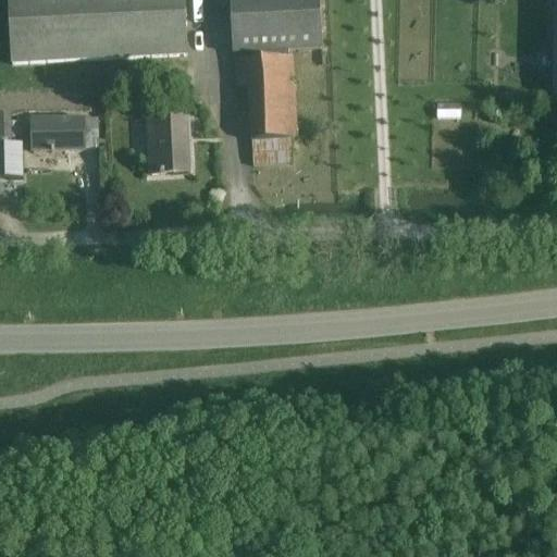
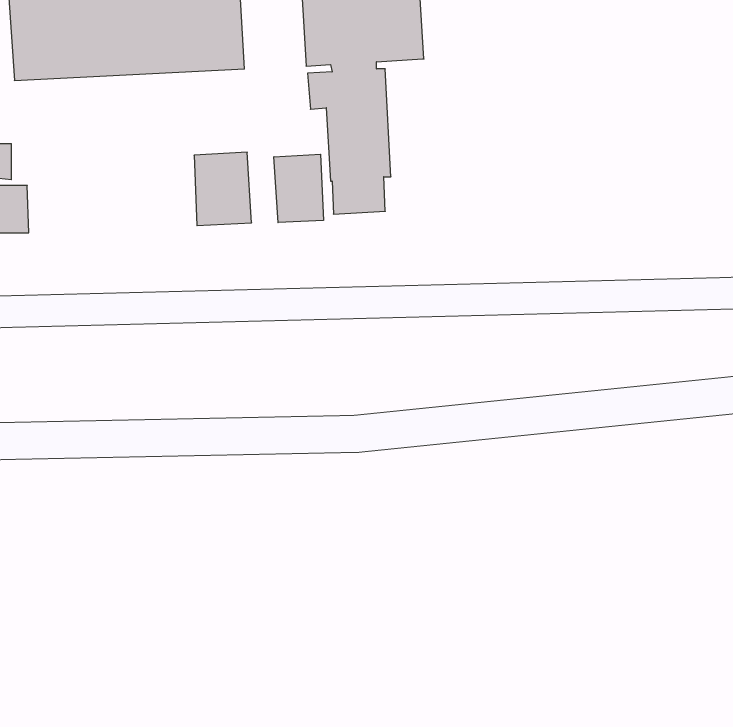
building: [30,114,98,148] -> none
building: none -> [274,154,323,223]

